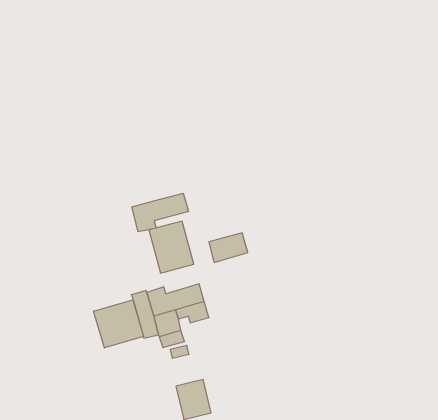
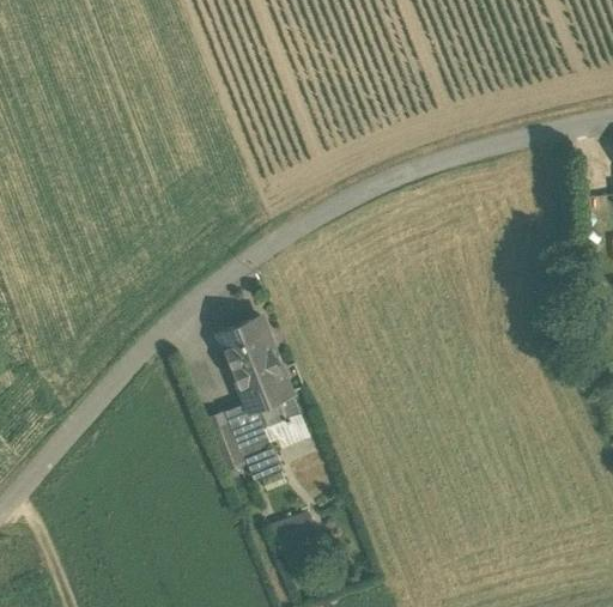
building: [132,193,188,232] -> none
building: [209,233,248,262] -> [241,366,291,407]
building: [94,300,144,348] -> none

